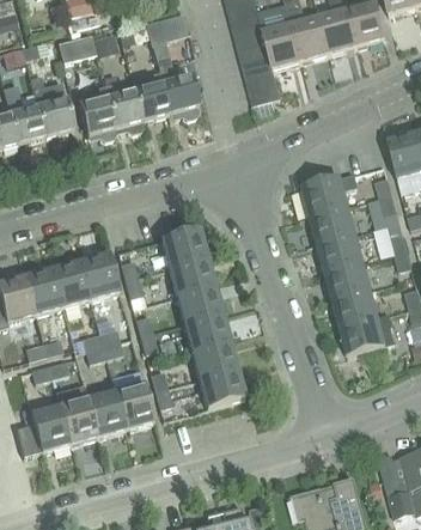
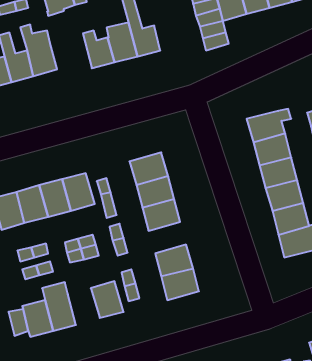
building: [77,72,115,135] -> none
building: [183,312,228,351] -> none
building: [86,392,124,437] -> none

